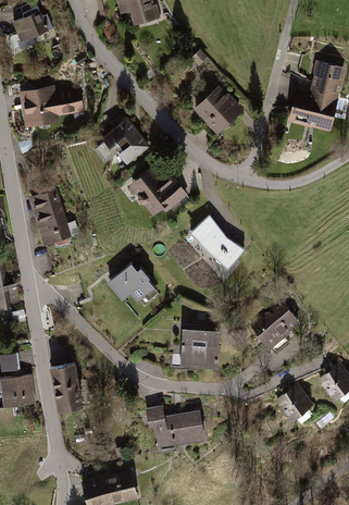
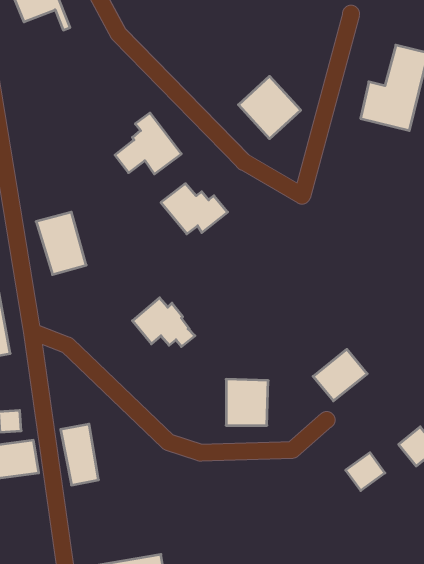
building: [20,89,80,123] -> none
building: [189,215,244,267] -> none
building: [153,411,202,446] -> none

